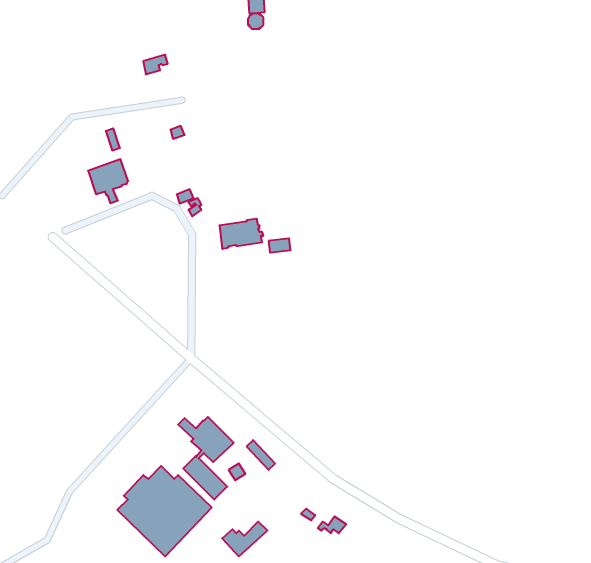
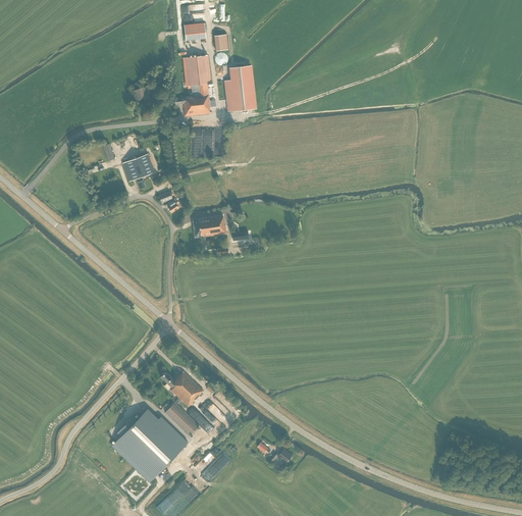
building: none -> [174,54,211,115]
building: none -> [225,65,255,111]
building: [88,159,128,203] -> [122,153,154,188]

